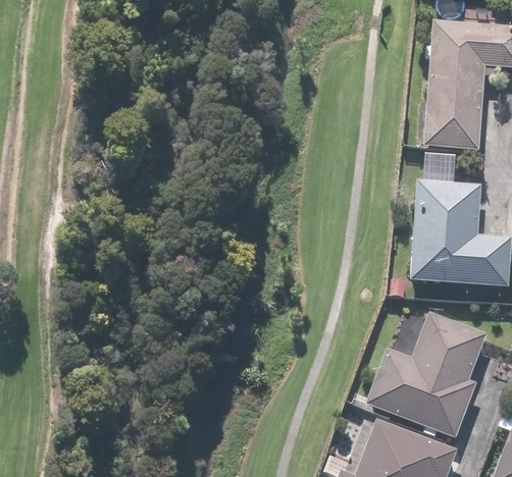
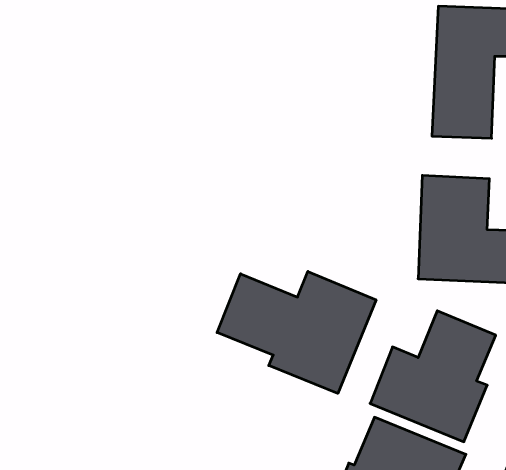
building: none -> [217,271,376,393]

